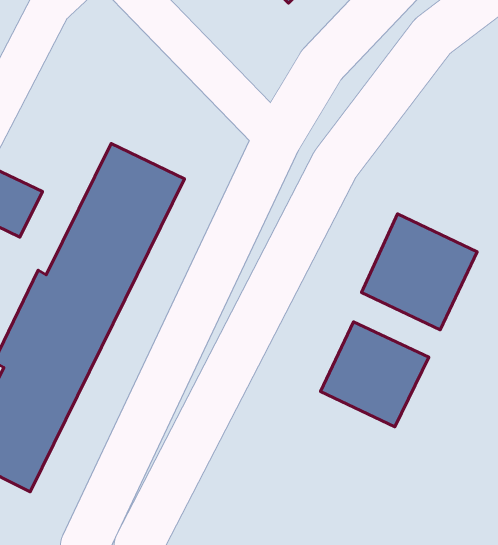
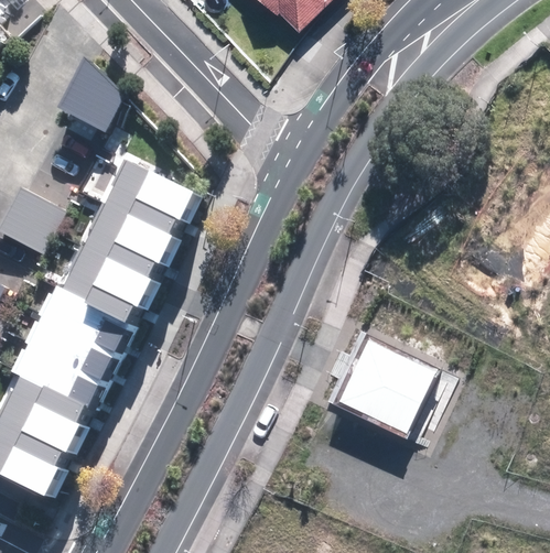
building: none -> [52,54,119,130]
building: [361,214,477,330] -> none

